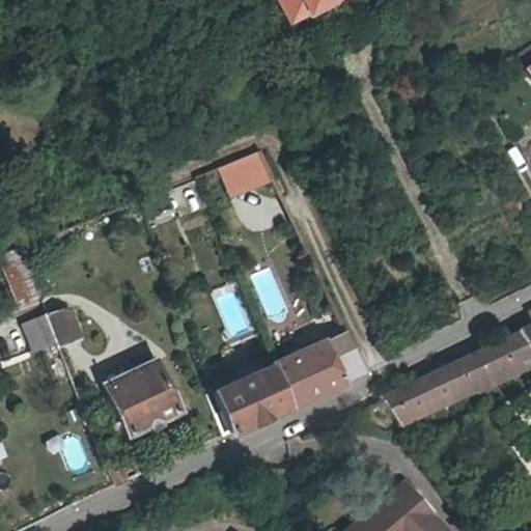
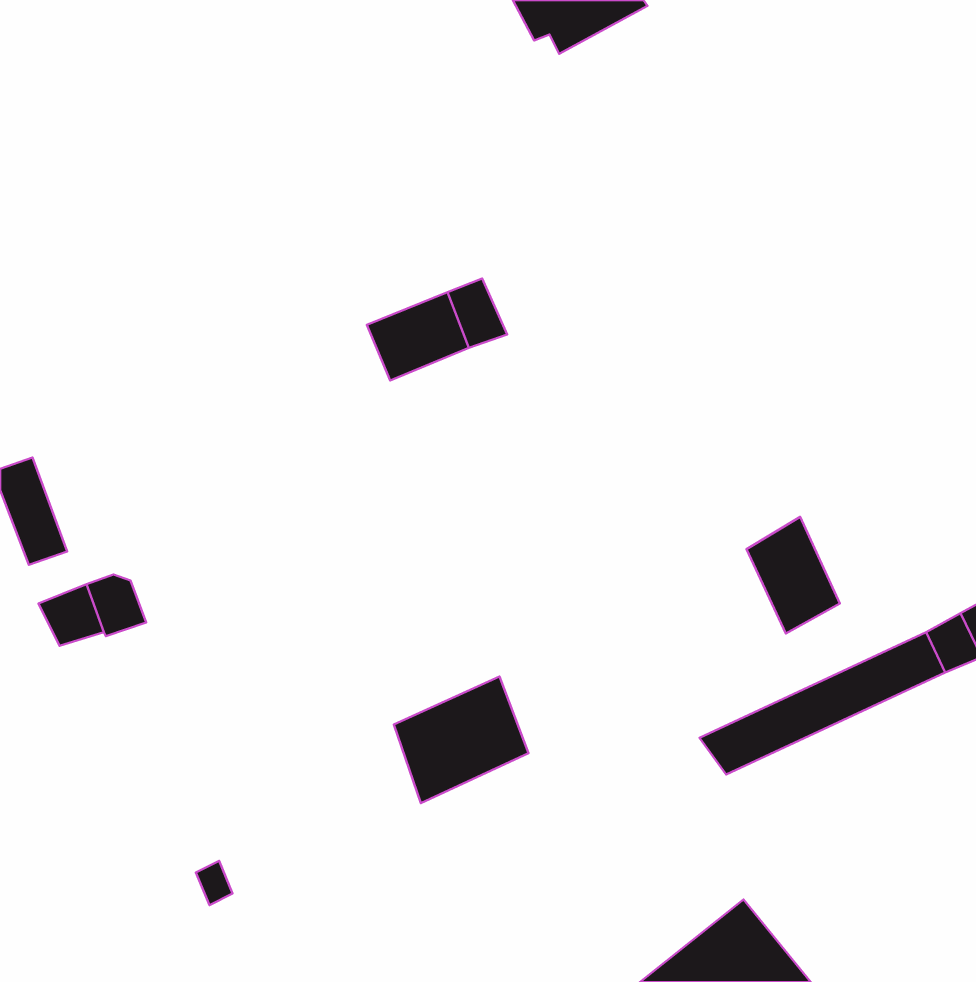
building: none -> [746,517,840,634]
building: [273,331,364,407] -> none
building: [108,362,179,435] -> none

